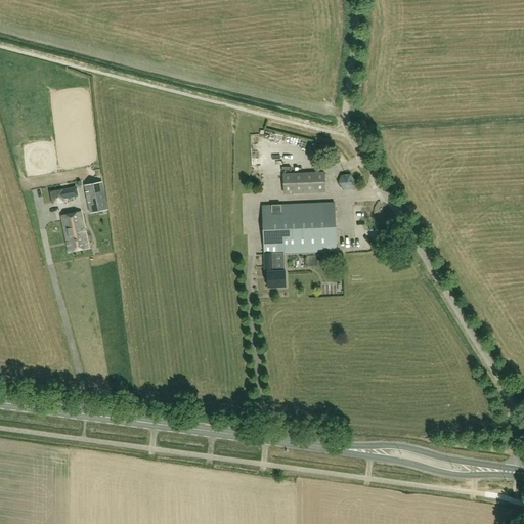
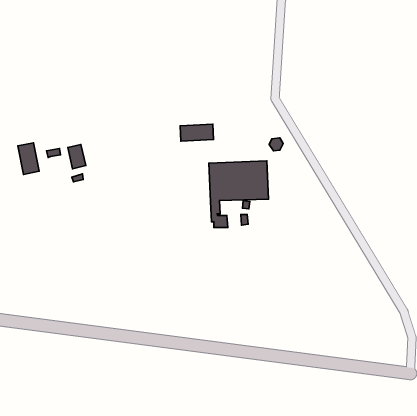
building: [283,171,325,192] -> [180,124,214,141]
building: [61,211,88,251] -> [18,143,39,175]

